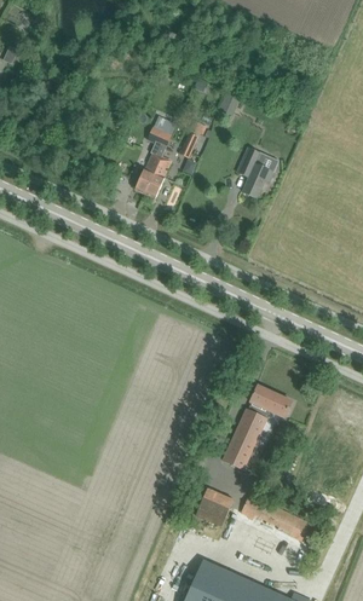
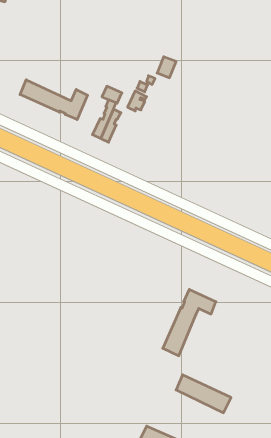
building: none -> [20,80,88,120]
building: [237,148,273,197] -> none
building: [195,489,234,527] -> none

